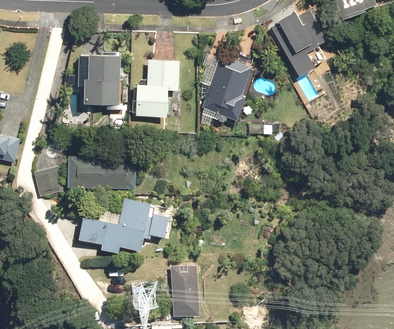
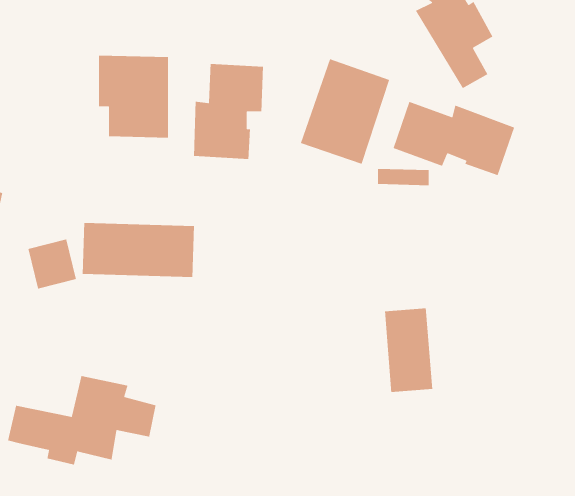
building: none -> [393,101,515,176]
building: [77,199,168,254] -> [7,375,156,465]
building: [169,263,199,315] -> [384,308,433,393]

